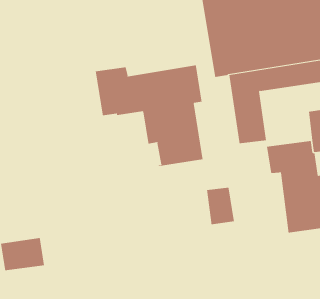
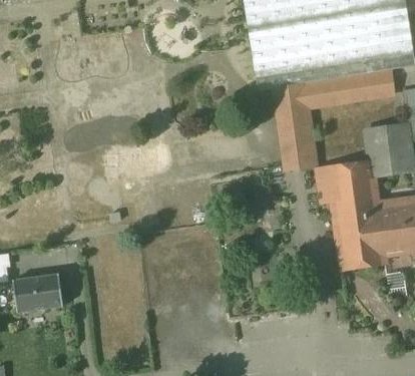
building: [95,65,203,167] -> none
building: [206,187,234,225] -> none

